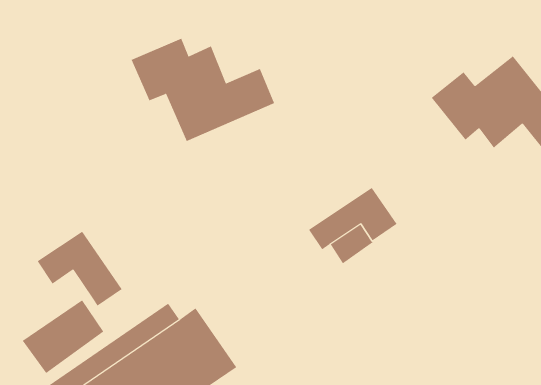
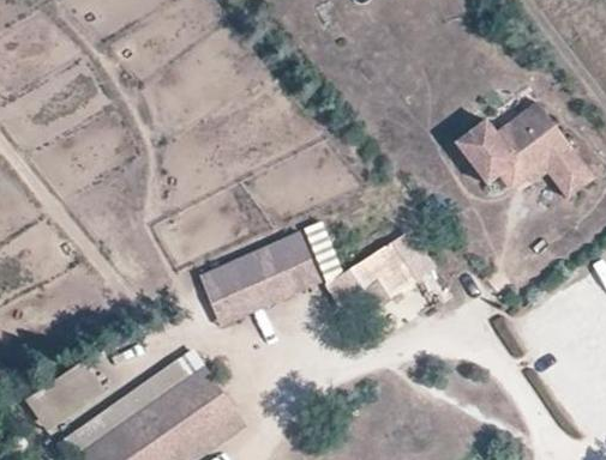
building: [131,38,275,142] -> none
building: none -> [198,229,323,325]
building: [37,231,122,307] -> none

